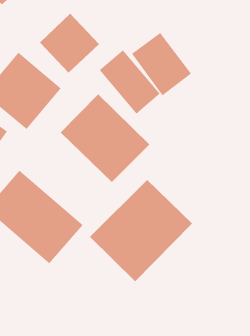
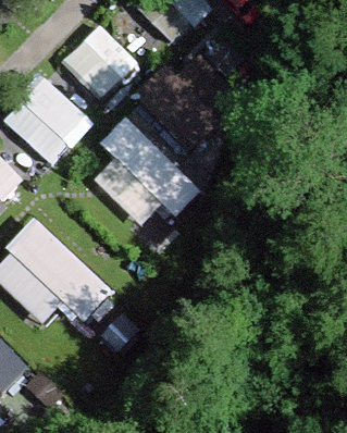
building: [89,179,193,282] -> none

